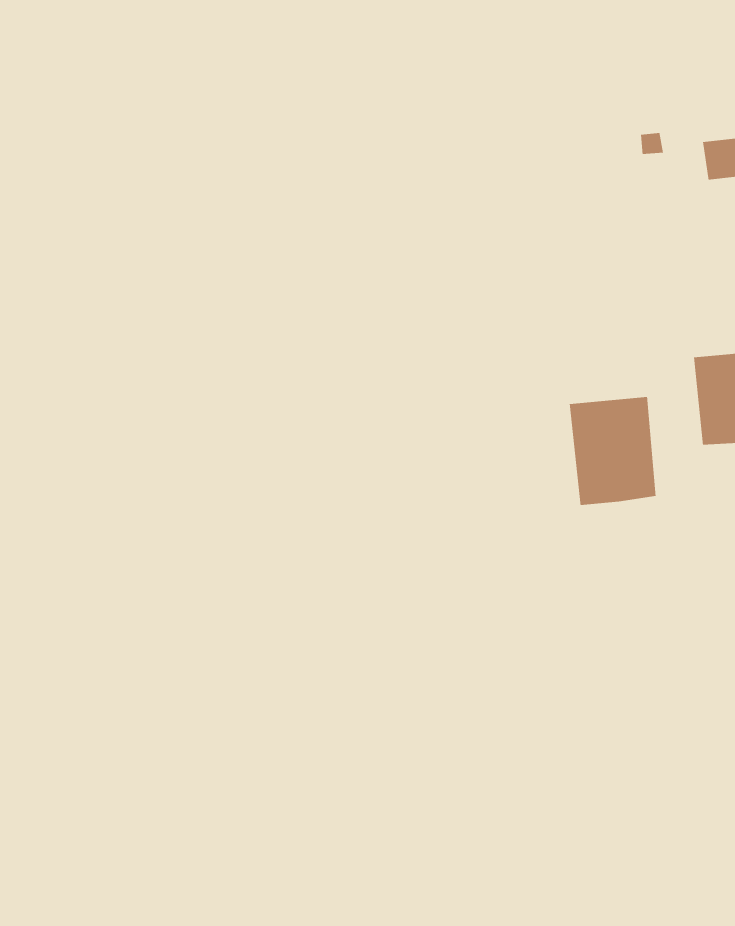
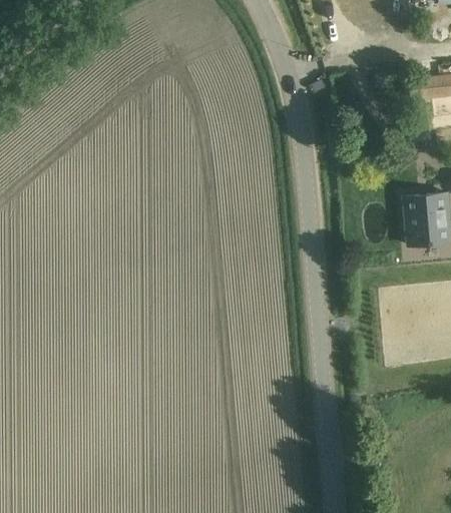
building: [569,396,656,506] -> none

